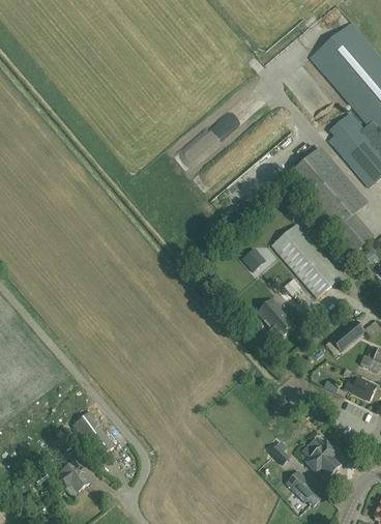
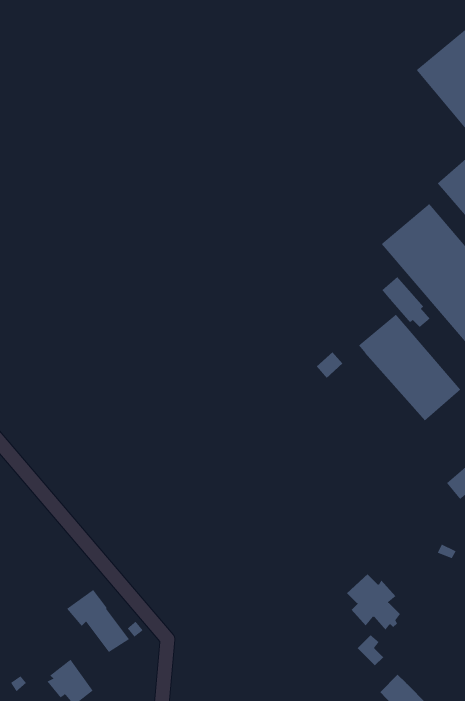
building: none -> [381,276,430,328]
building: [256,298,293,337] -> none
building: [301,436,339,475] -> [346,573,401,631]

